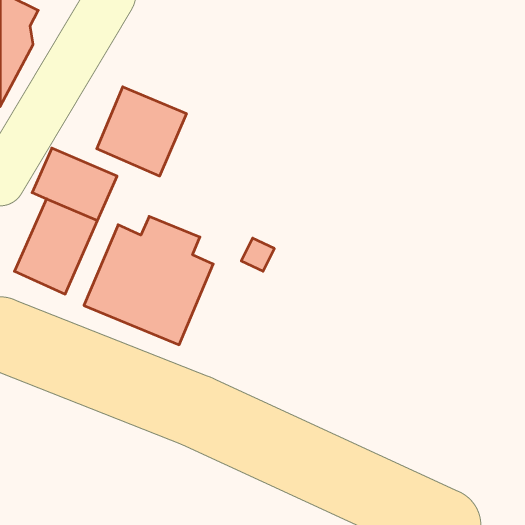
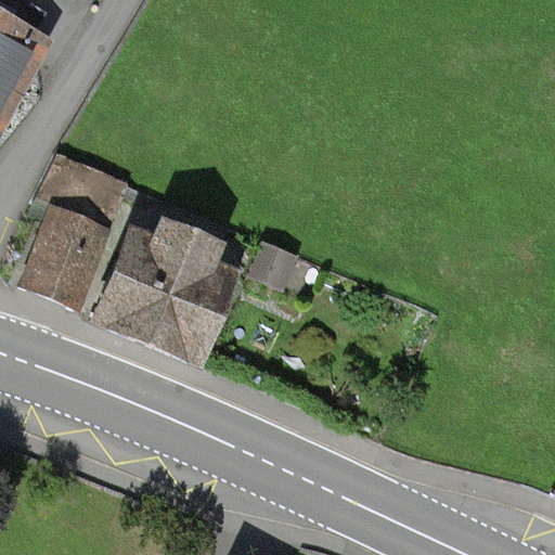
building: [97,87,186,176] -> none

